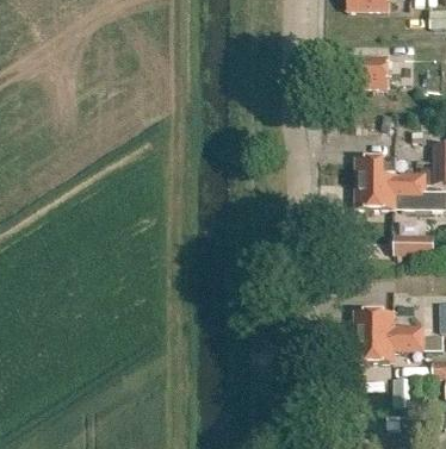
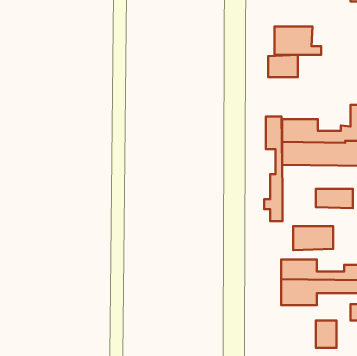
building: none -> [268,55,298,77]
building: none -> [264,116,282,221]
building: none -> [293,226,333,250]

